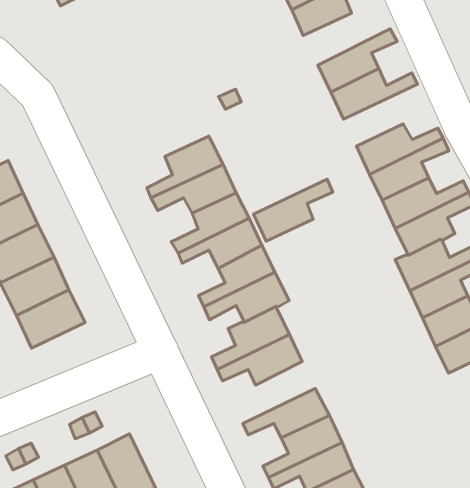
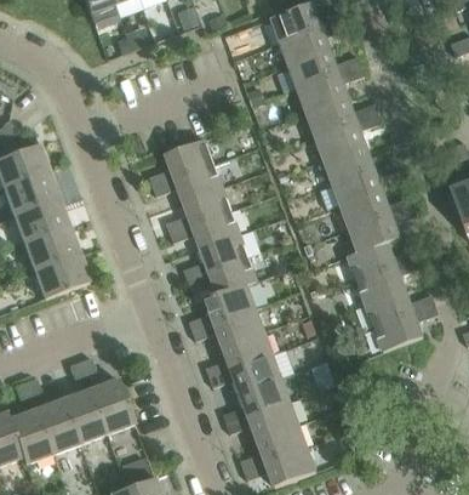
building: none -> [288,50,360,90]
building: [253,179,333,241] -> [315,113,382,159]
building: none -> [206,331,271,377]

